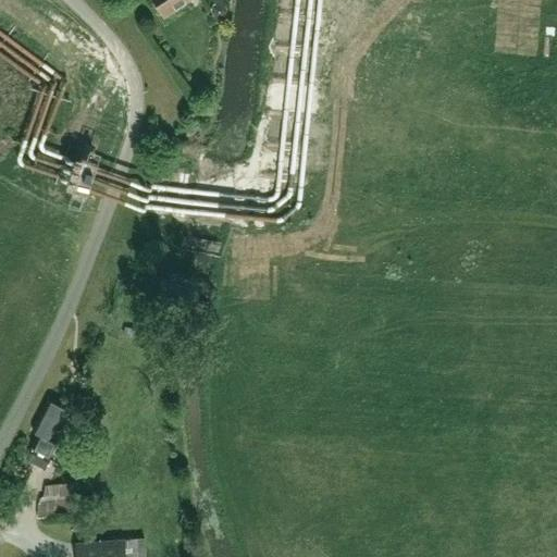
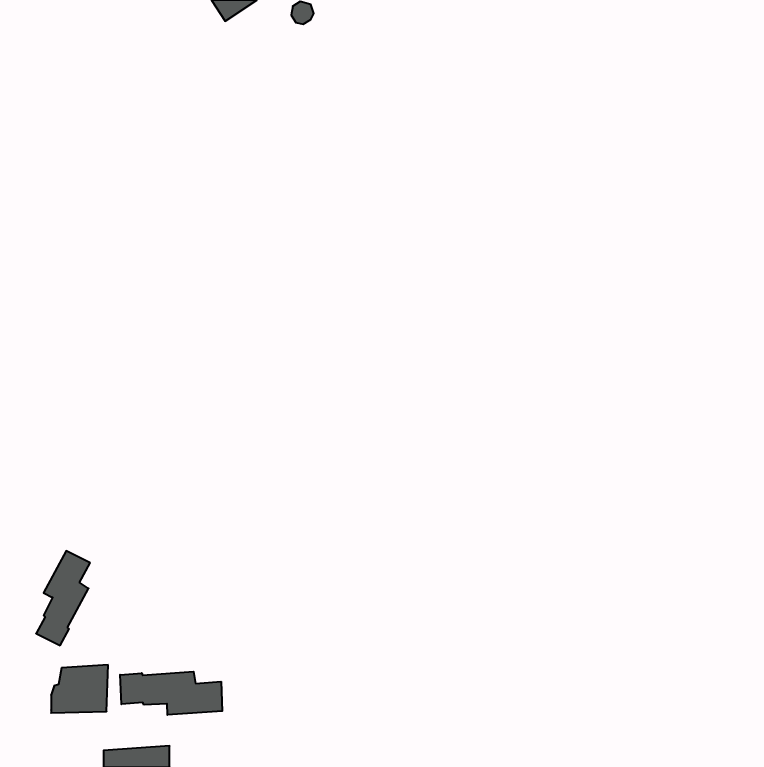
building: none -> [120,672,222,715]

